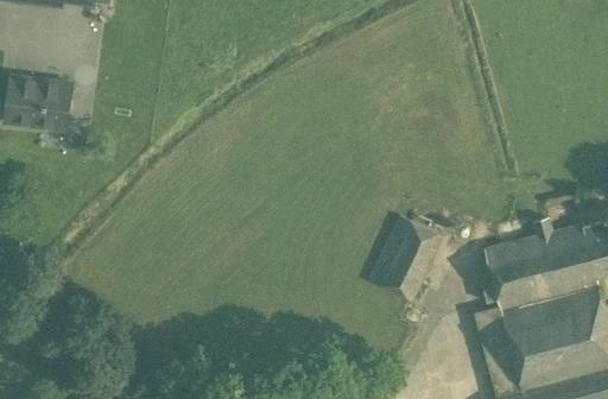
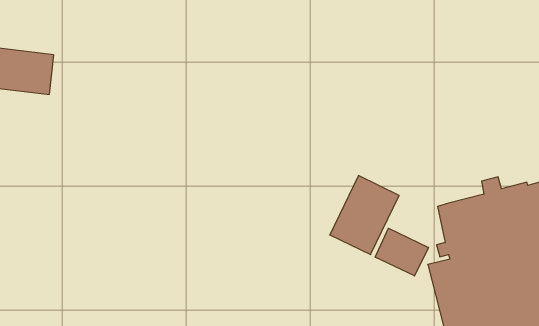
building: none -> [375,228,428,276]

